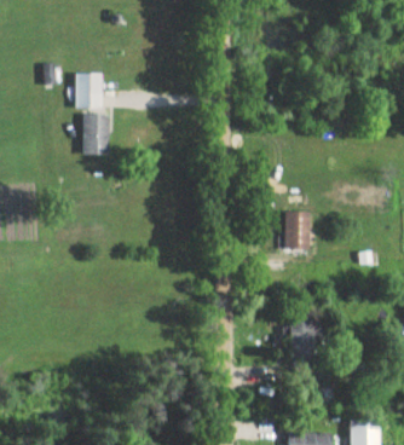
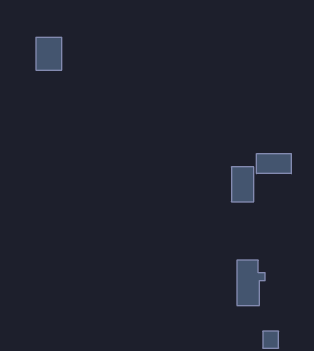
building: [83,112,109,155] -> none
building: none -> [257,154,291,174]

